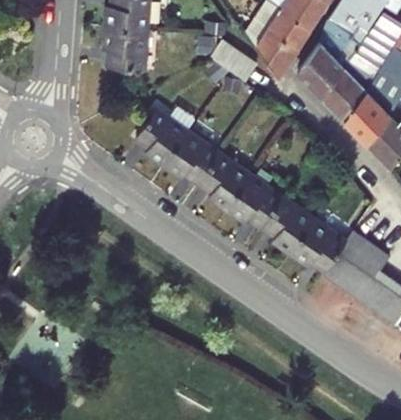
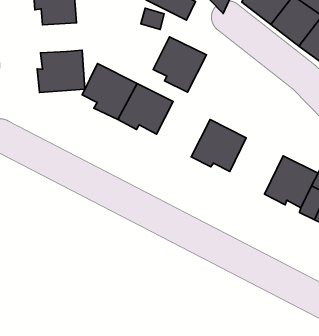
building: none -> [37,50,85,92]
building: [201,155,253,209] -> [153,37,207,92]
building: [264,199,316,254] -> none

